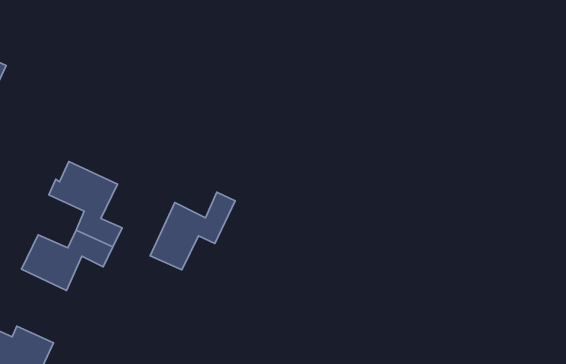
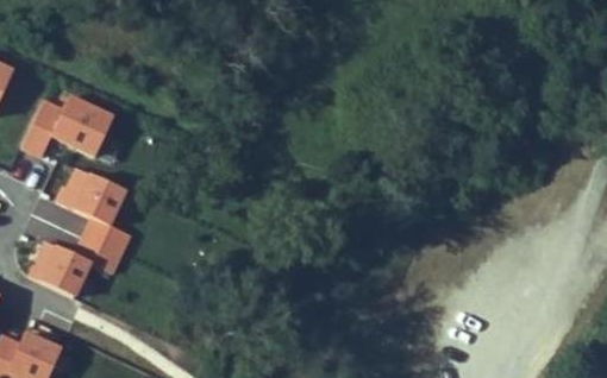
building: none -> [21,96,113,155]
building: [150,192,235,270] -> none

